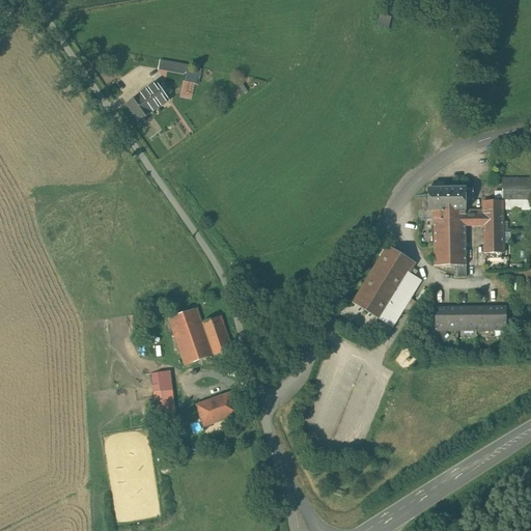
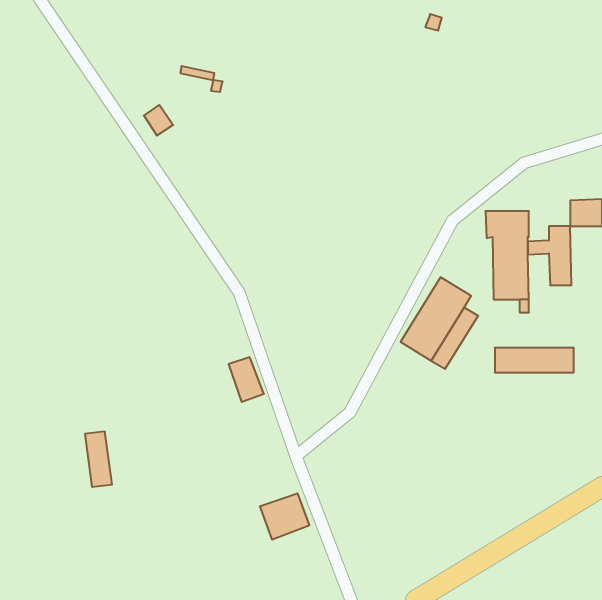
building: [140,82,168,109] -> none
building: [168,306,213,363] -> none
building: [150,370,174,419] -> [85,432,112,487]
building: [197,391,241,431] -> [260,493,309,539]

